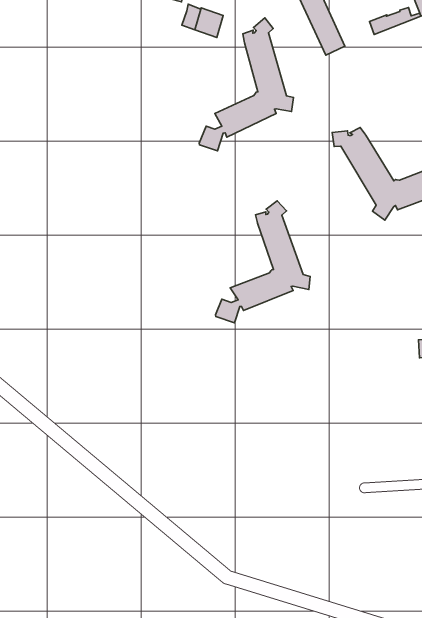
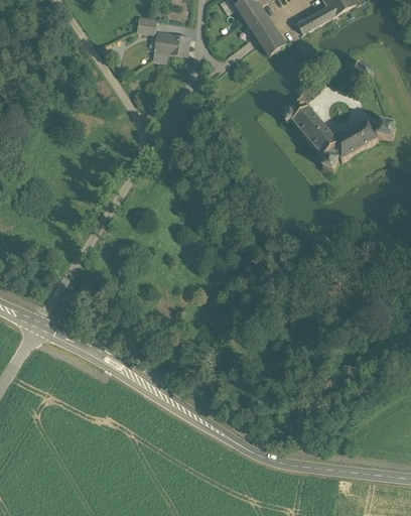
building: [199,18,293,151] -> none
building: [215,201,310,323] -> none

